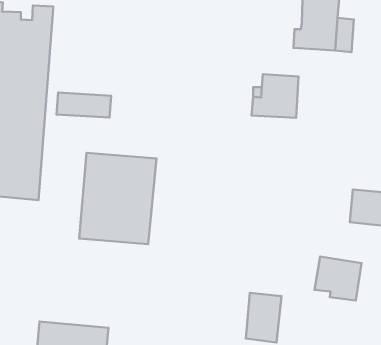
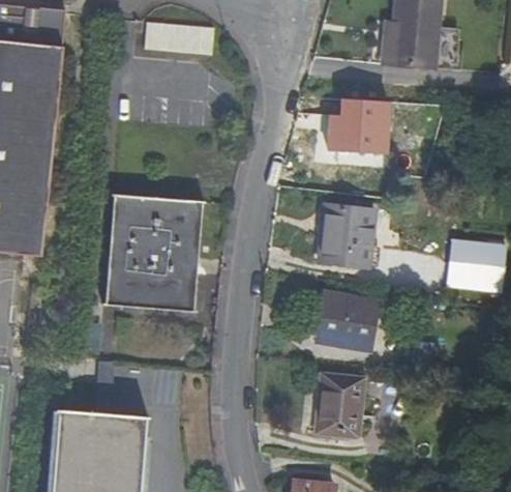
building: [57,92,111,118] -> [143,21,212,53]
building: none -> [321,208,374,269]
building: [314,257,361,300] -> [319,294,379,350]

